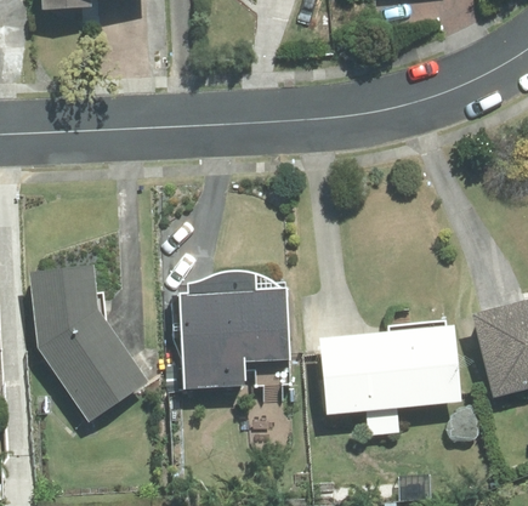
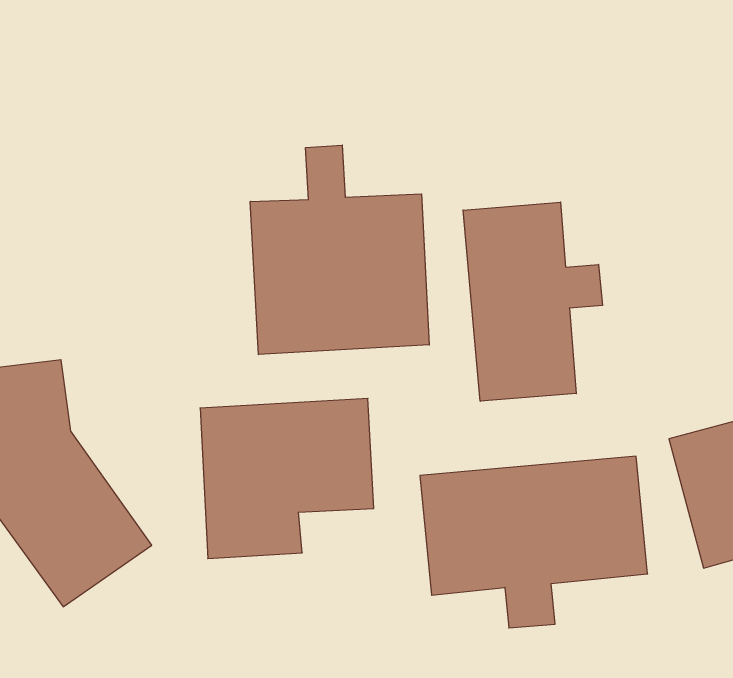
building: none -> [250,145,429,355]
building: none -> [463,202,602,401]

